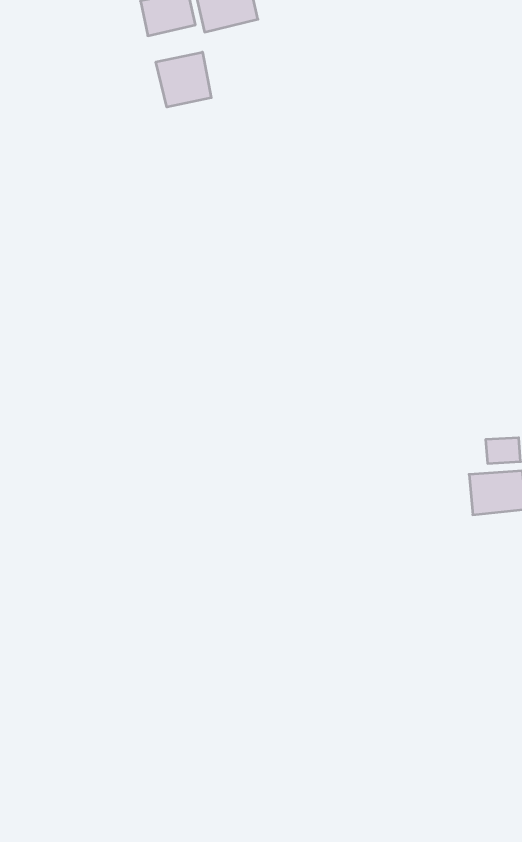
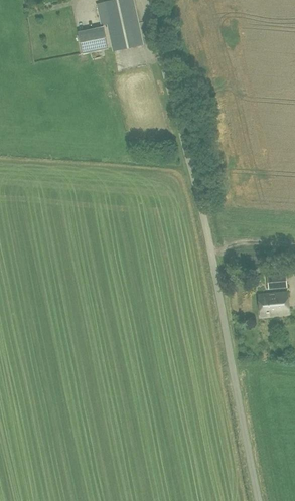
building: [156,52,211,107] -> none

